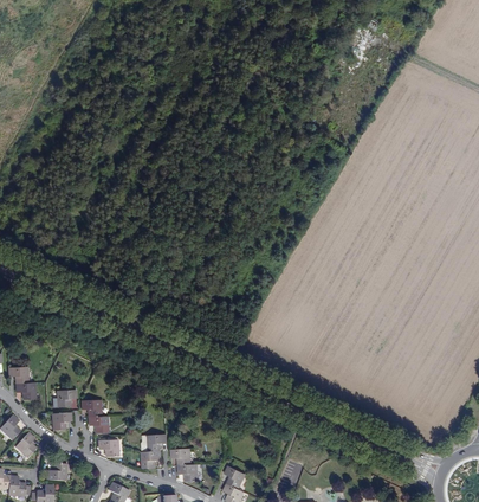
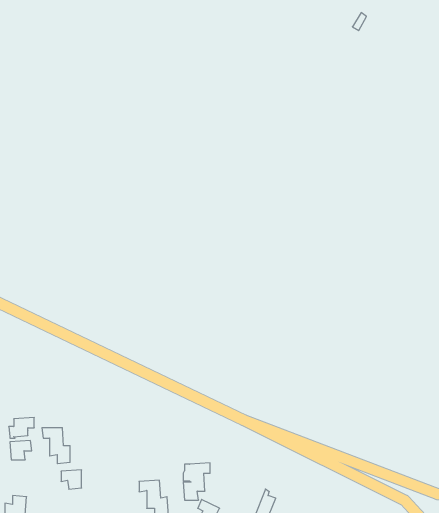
building: [142,435,167,469] -> [183,463,210,500]

